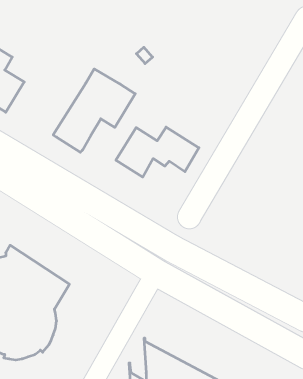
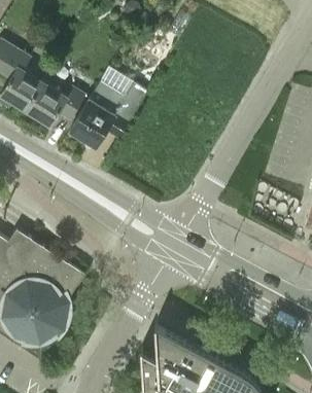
building: none -> [23,82,84,127]
building: [116,127,199,177] -> none

